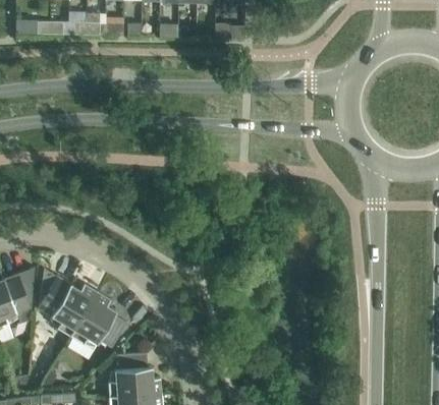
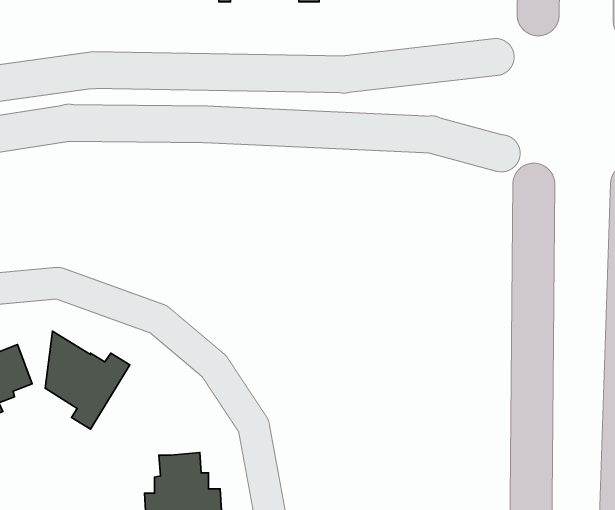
building: [69,293,126,349] -> none

